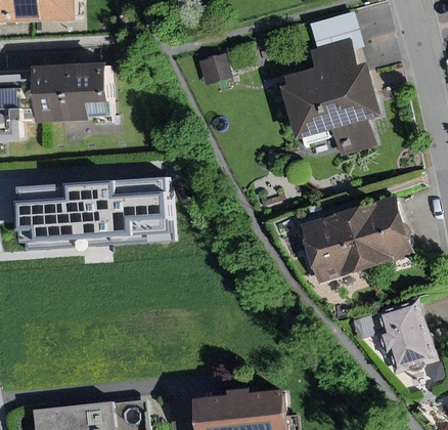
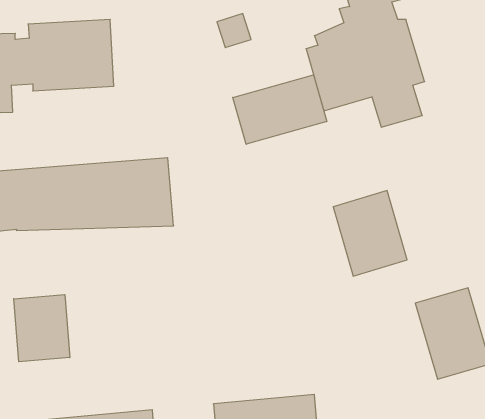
building: none -> [233,75,327,144]
building: [348,195,413,269] -> none
building: none -> [14,295,70,362]

